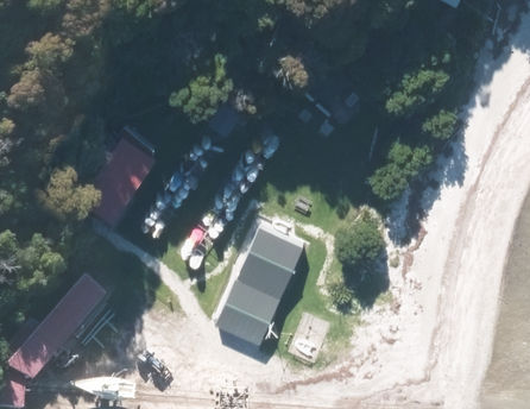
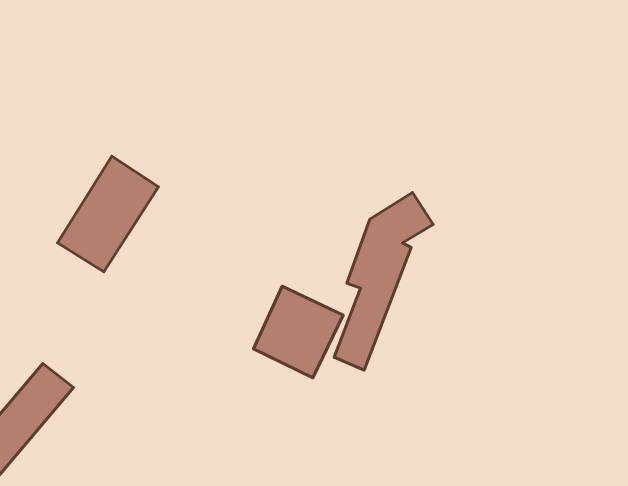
building: none -> [334,192,433,370]
building: [216,276,282,342] -> none

